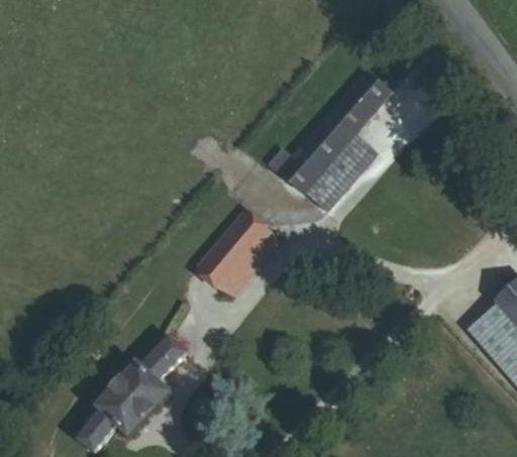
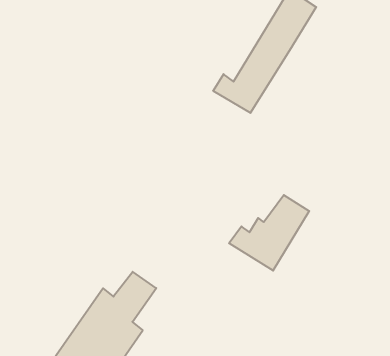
building: [315,132,387,209] -> none
building: [200,215,286,290] -> [229,195,309,271]

